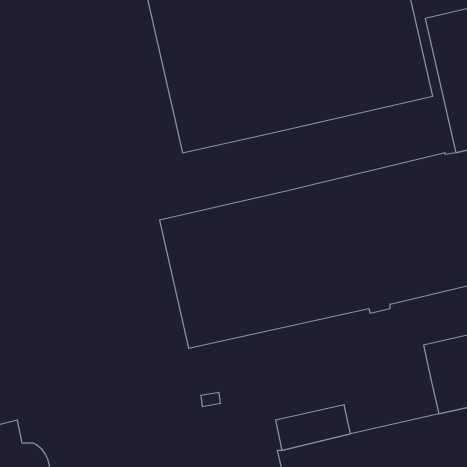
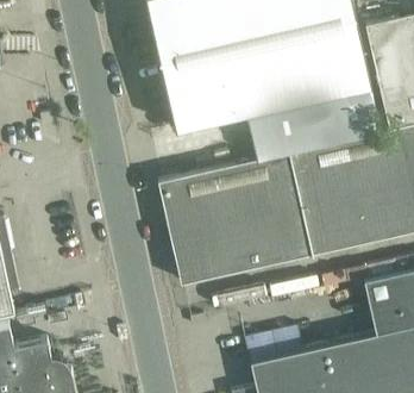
building: none -> [245,87,380,161]

